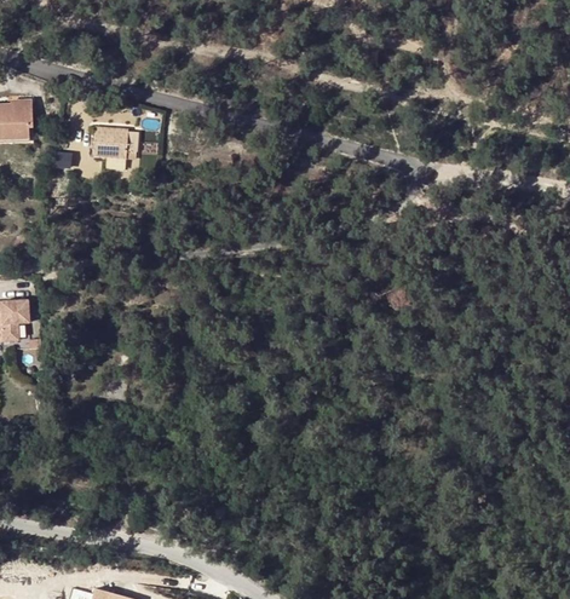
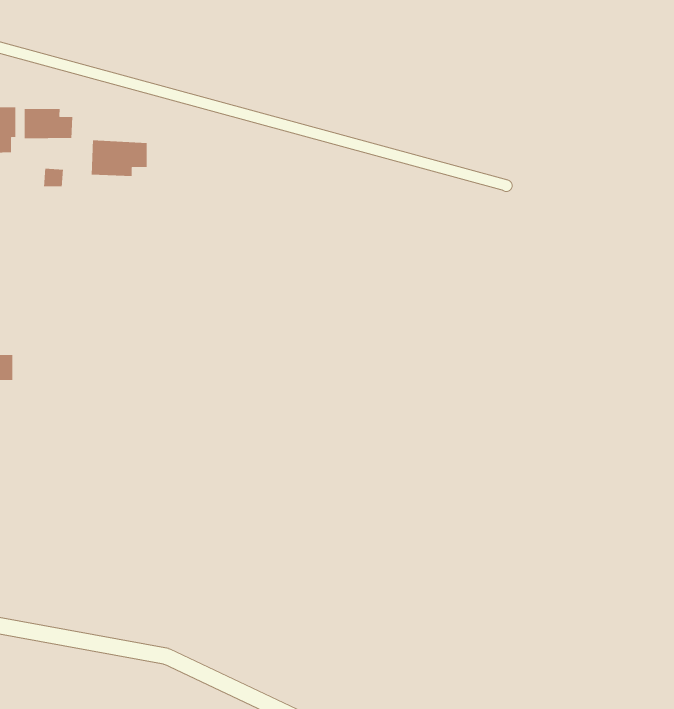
building: none -> [24,108,73,139]

